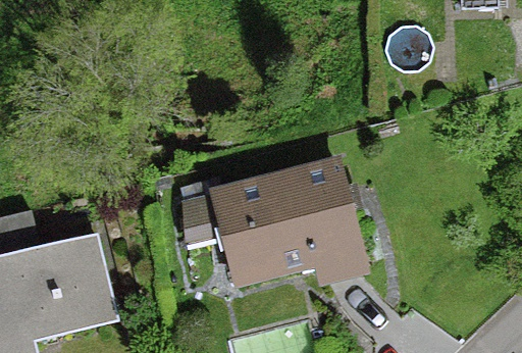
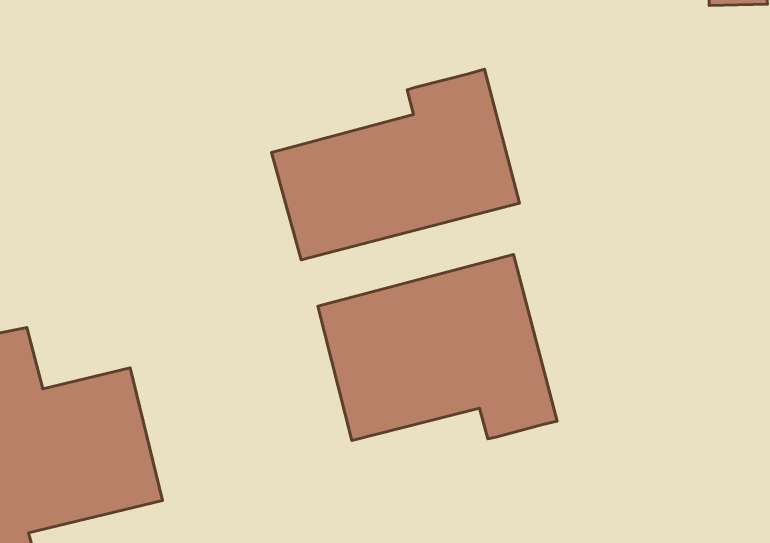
building: none -> [272,69,520,260]

